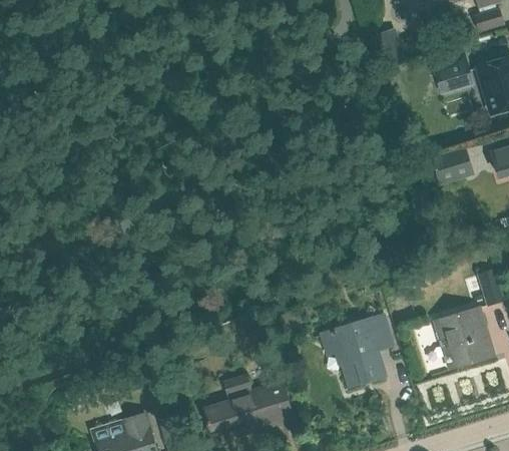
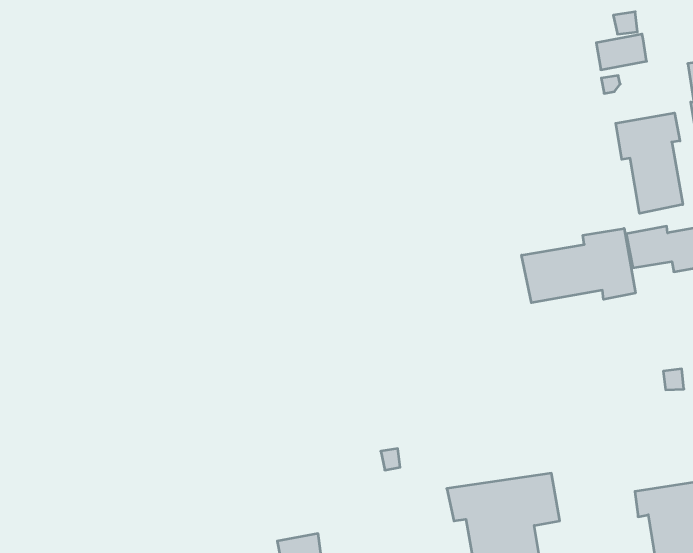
building: none -> [616,113,683,213]
building: none -> [522,228,635,303]

